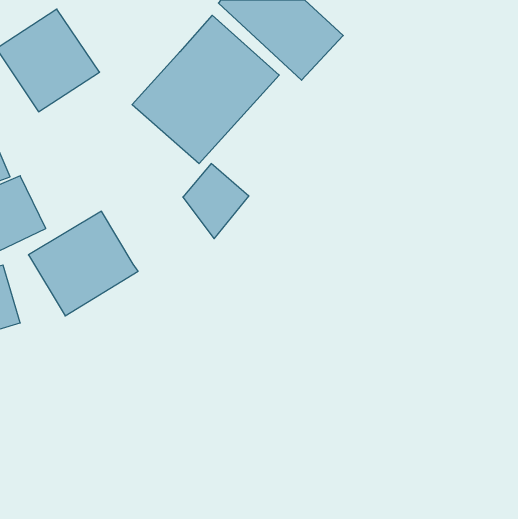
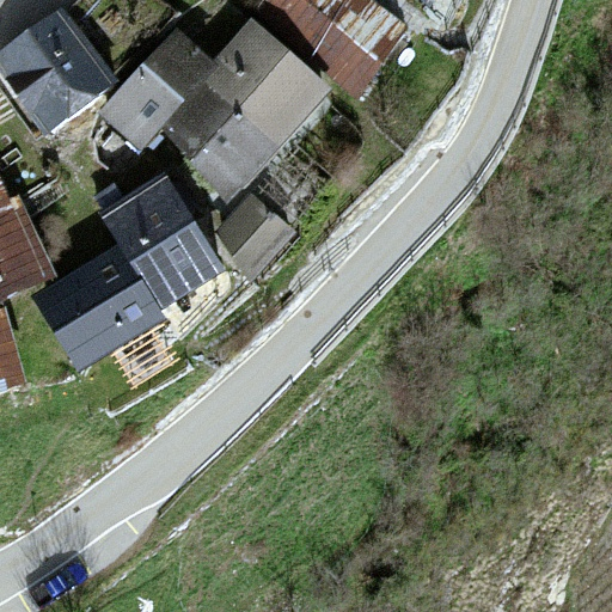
building: none -> [98,29,212,146]
building: none -> [98,173,222,311]

